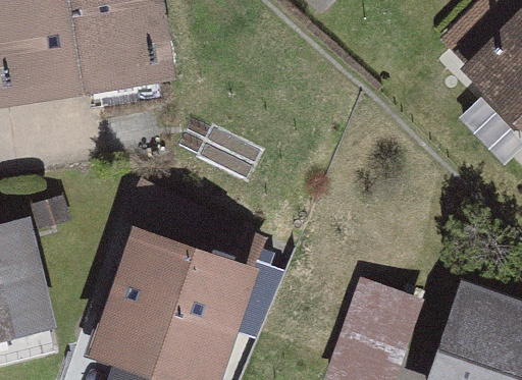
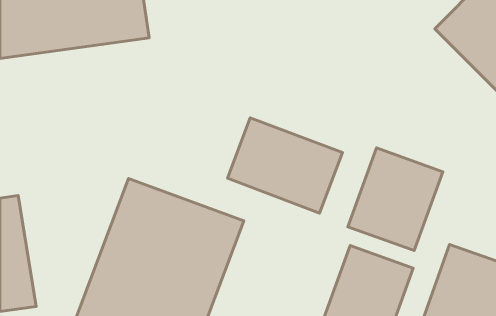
building: none -> [227,118,342,213]
building: none -> [348,148,443,251]

